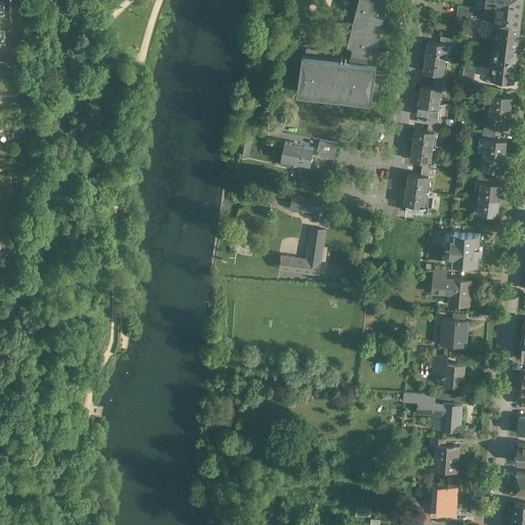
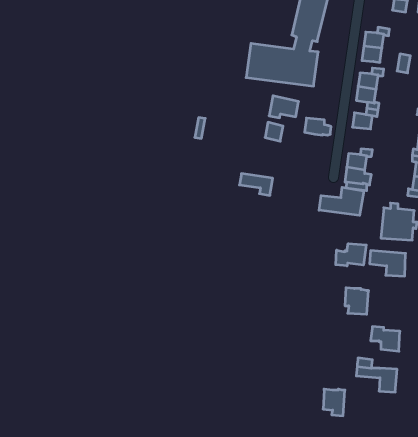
building: [281,143,313,166] -> [269,96,299,118]
building: [410,146,439,164] -> [305,118,331,135]
building: none -> [319,187,364,215]
building: [279,228,325,276] -> none
building: none -> [336,244,366,266]
building: [441,319,467,348] -> [345,288,369,314]
building: [434,445,457,474] -> [323,389,345,416]

